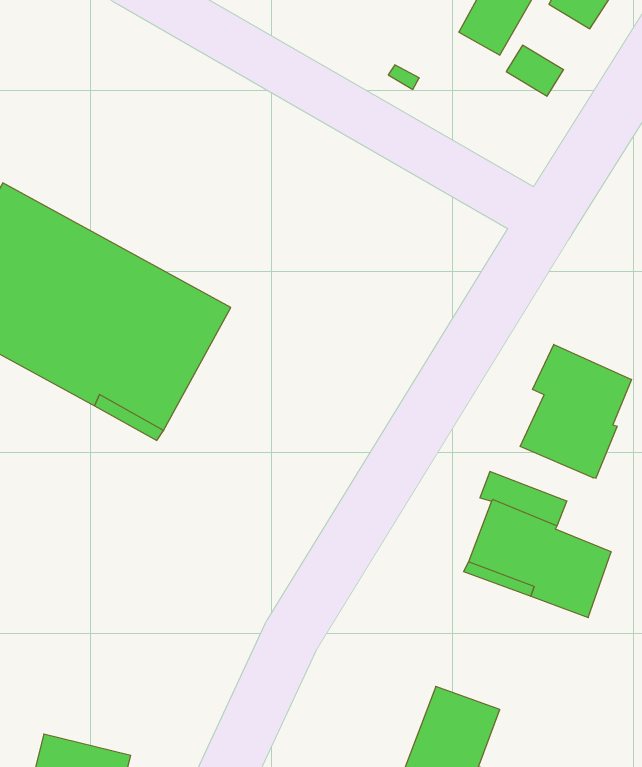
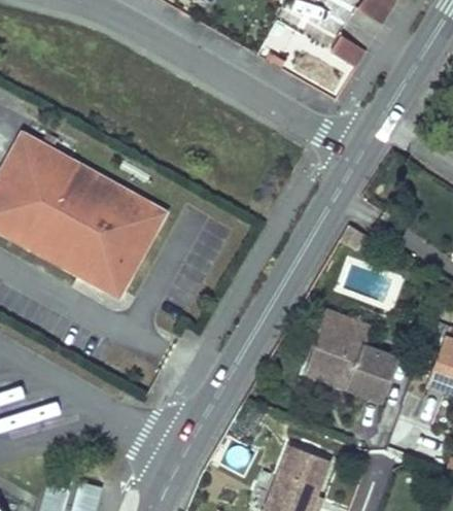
building: [520,344,631,478] -> none

